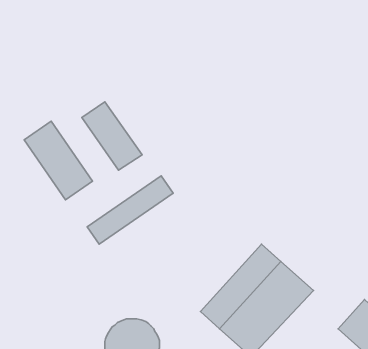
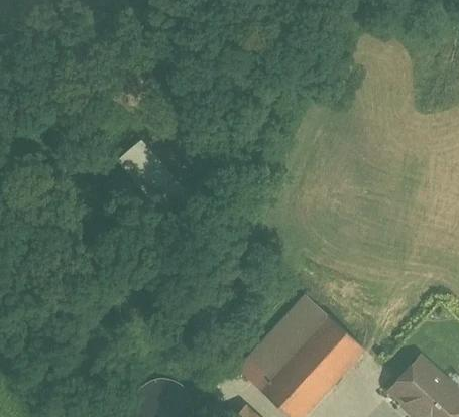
building: [24,121,93,200] -> none
building: [87,176,173,244] -> none

